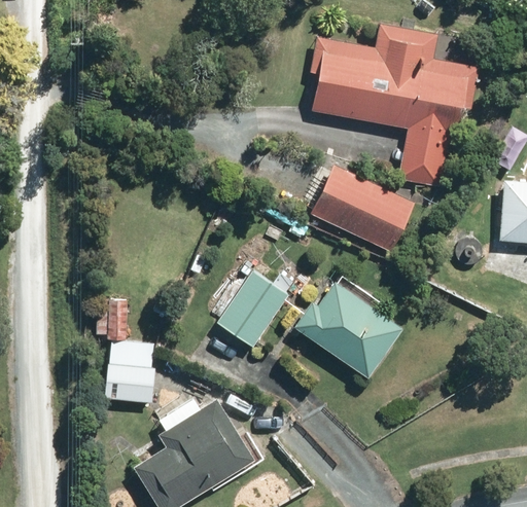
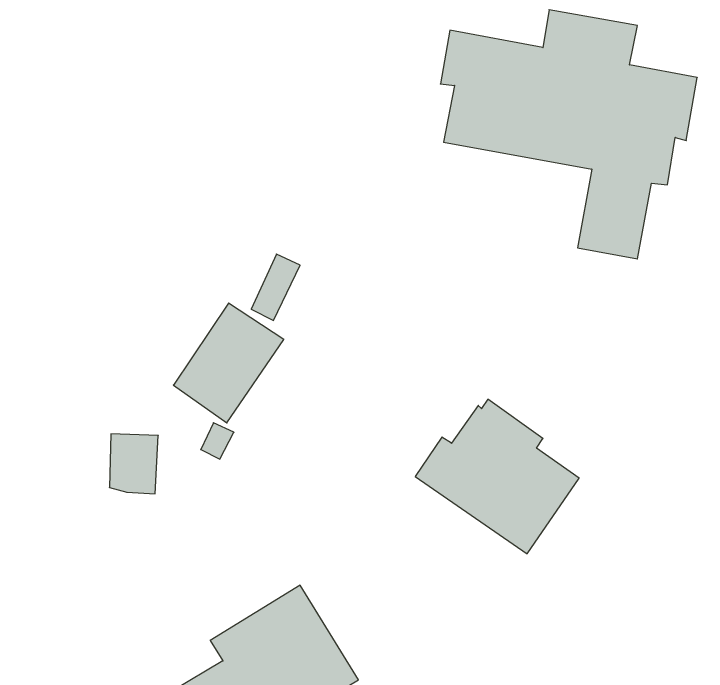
building: [312,166,414,251] -> none
building: [216,268,288,347] -> [173,303,284,423]
building: [106,340,154,403] -> none

